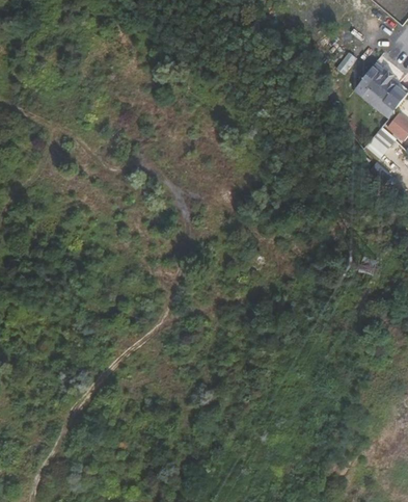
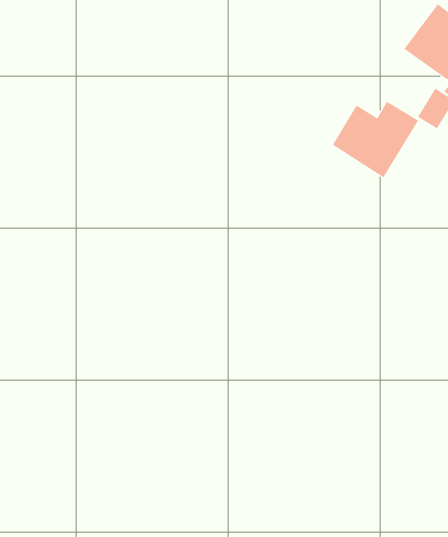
building: none -> [332,101,419,178]

